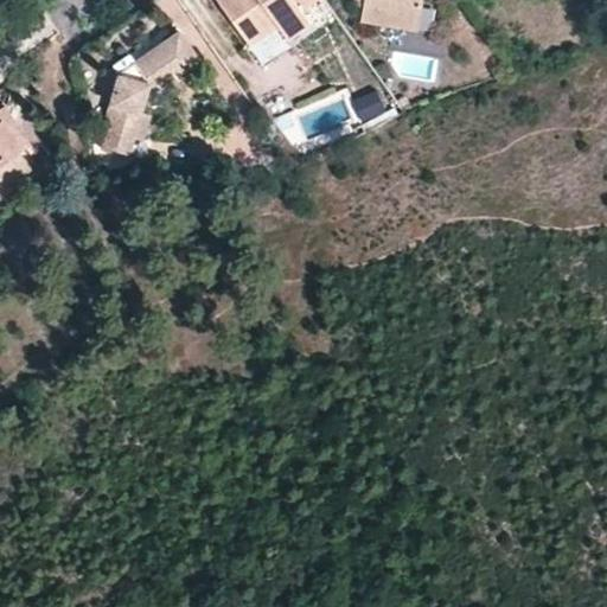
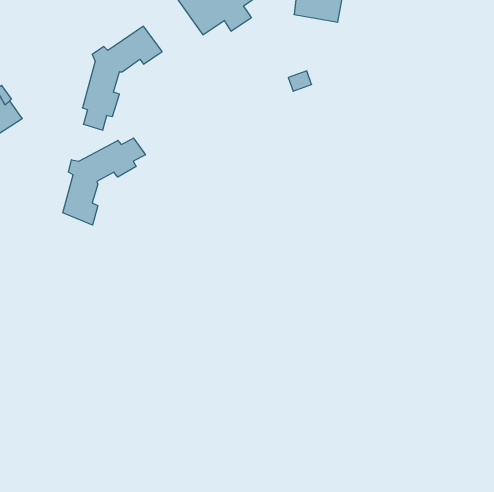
building: none -> [63,138,145,225]

